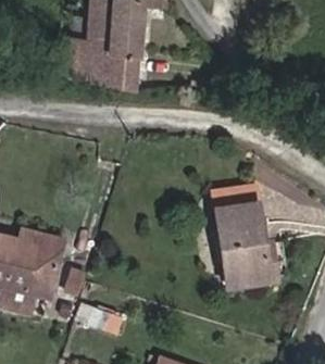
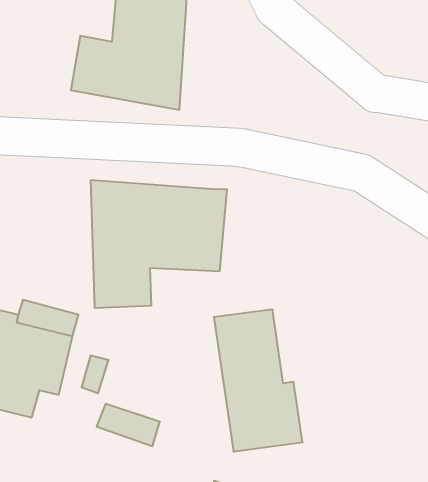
building: none -> [91,180,227,308]
building: [213,185,277,287] -> [214,310,303,451]

